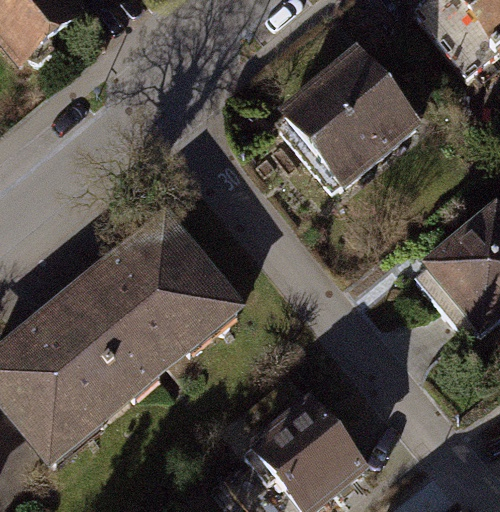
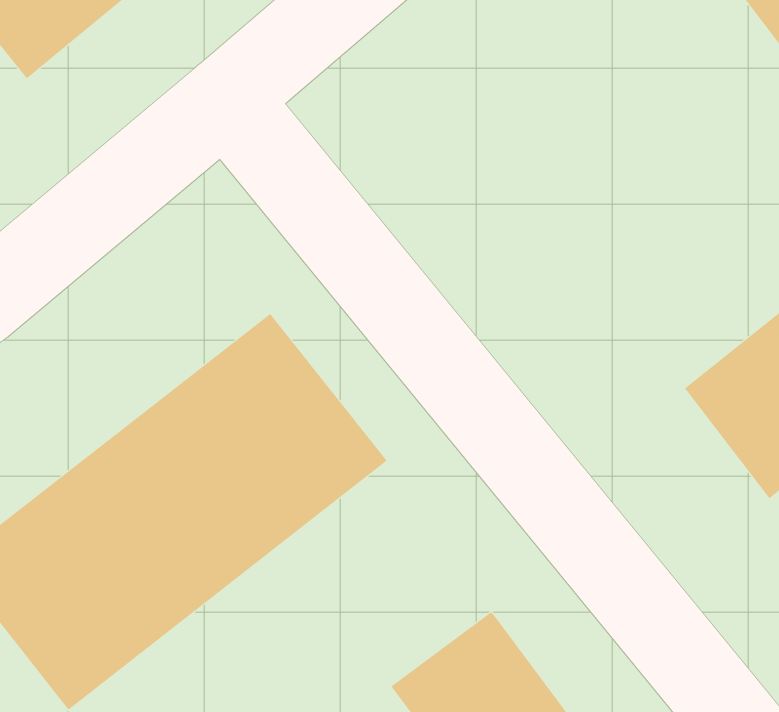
building: [270,64,404,196] -> none

